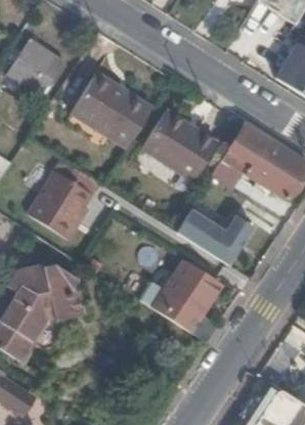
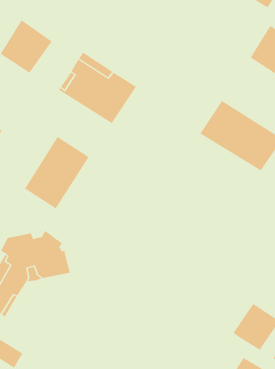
building: [142,111,217,180] -> none
building: [178,208,254,263] -> none
building: [157,257,222,336] -> none

